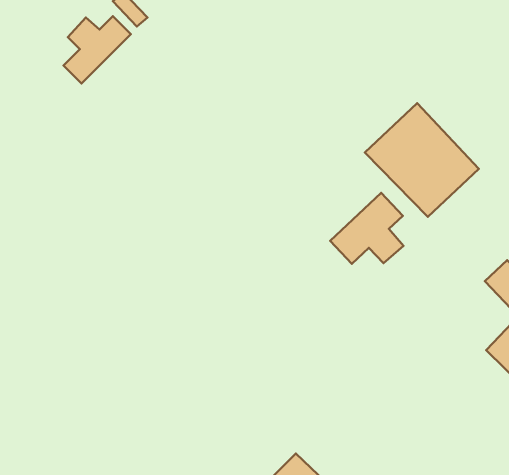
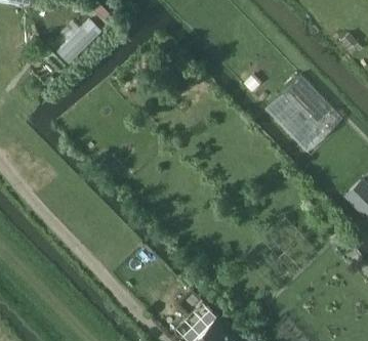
building: [330,193,404,264] -> none

